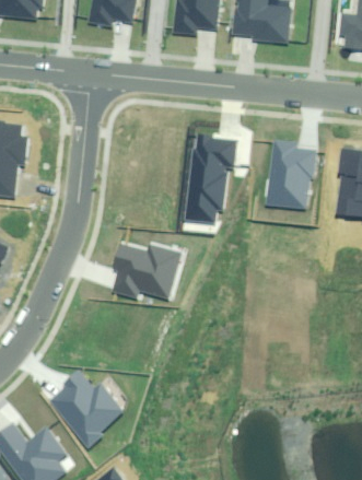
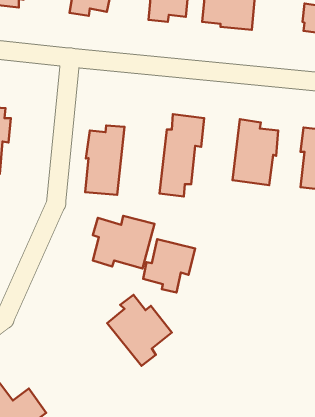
building: none -> [85,125,125,195]
building: none -> [143,239,195,293]
building: [51,371,121,447] -> [107,295,172,366]

